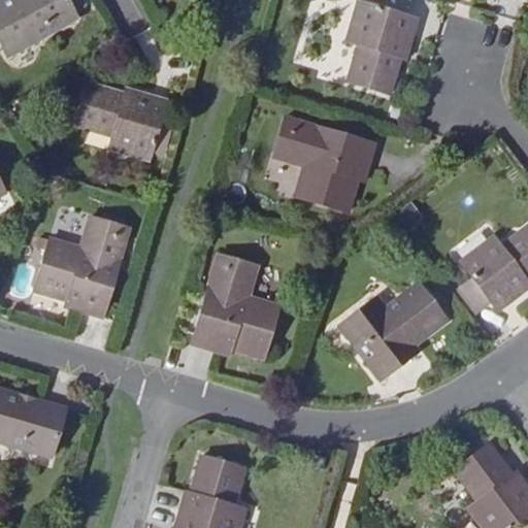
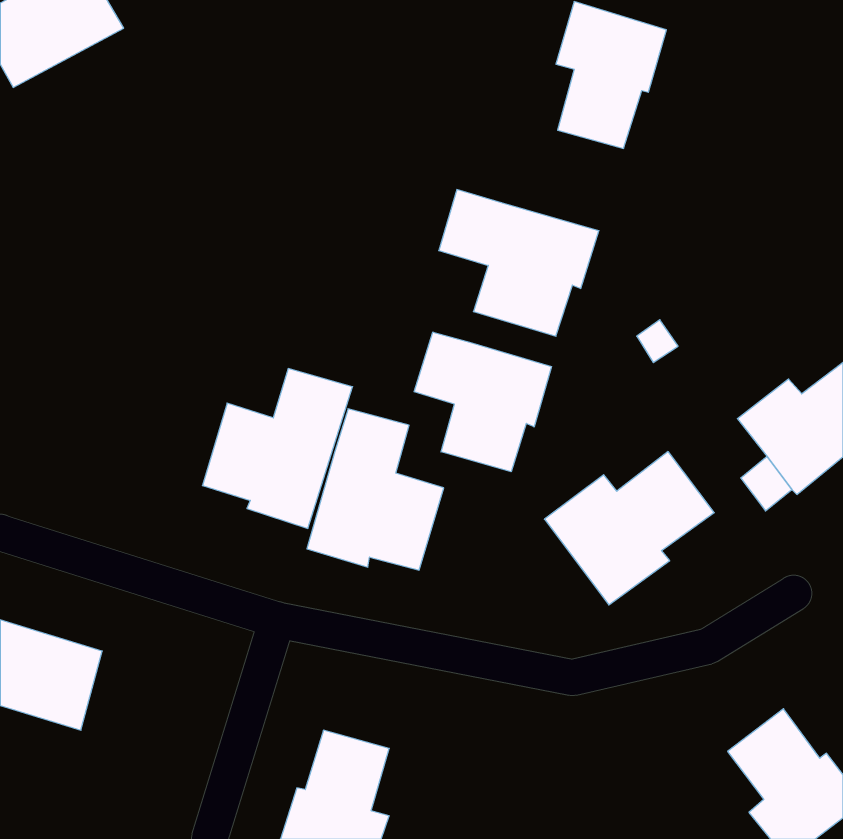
building: [75,81,166,159] -> none
building: none -> [414,332,552,472]
building: [35,217,129,317] -> [202,369,353,528]

